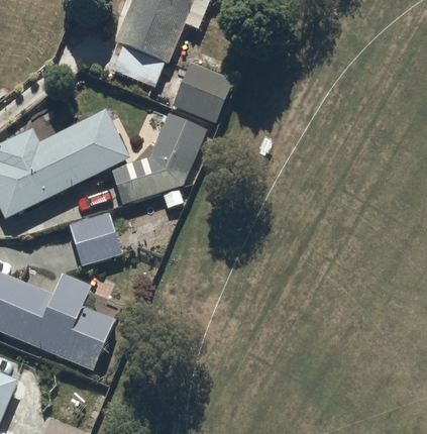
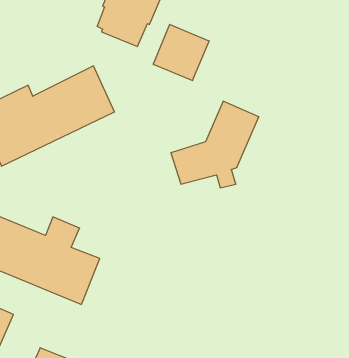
building: [111,112,208,207] -> [171,101,259,188]
building: [69,212,121,265] -> none

